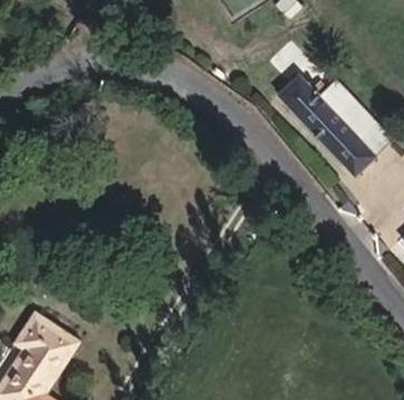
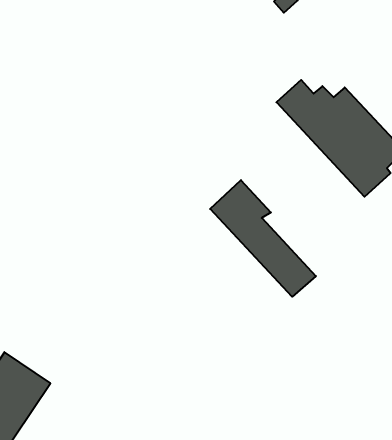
building: none -> [210,180,316,297]

